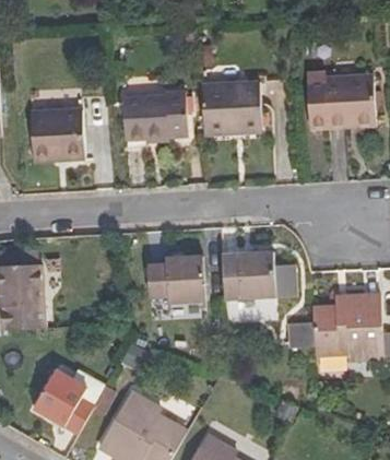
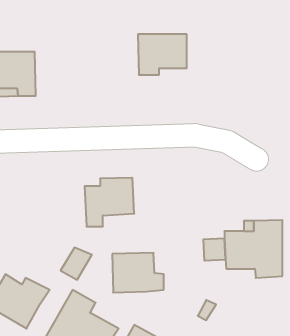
building: [307,80,377,129] -> none
building: [127,89,188,135] -> none
building: [222,252,283,299] -> [112,253,164,293]

